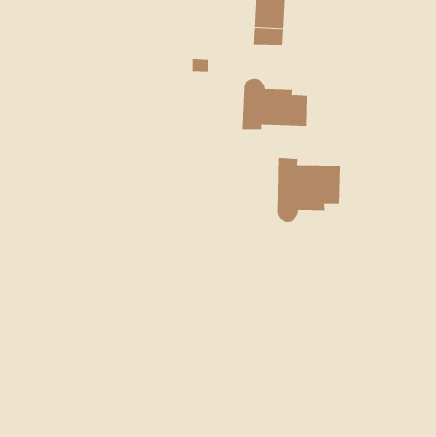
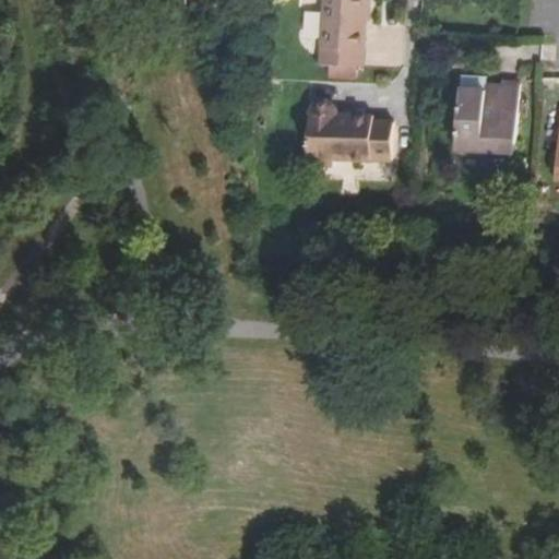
building: none -> [454,81,516,147]
building: [277,157,341,223] -> none

